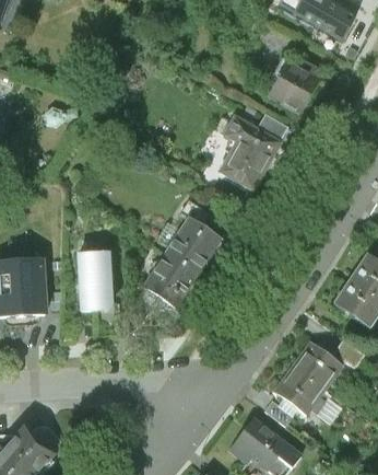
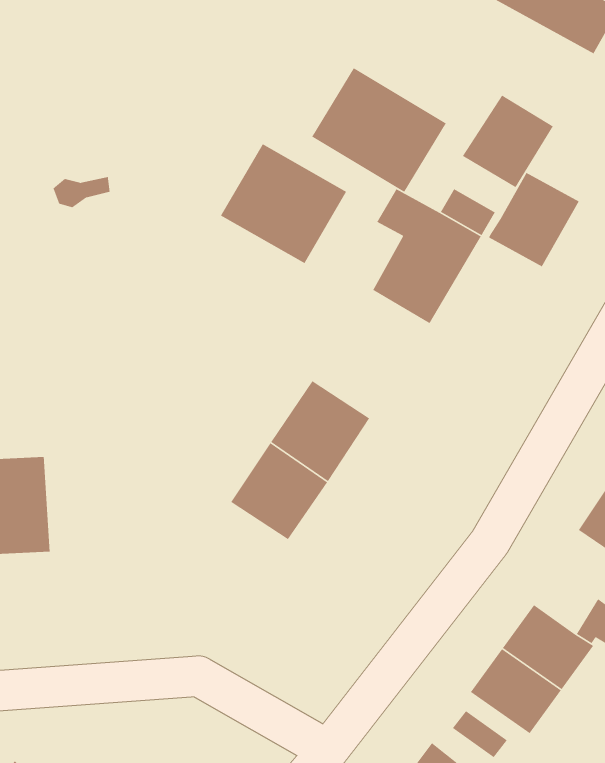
building: none -> [311,67,447,193]
building: none -> [220,143,347,264]
building: none -> [488,172,580,268]
building: [79,253,111,311] -> none

